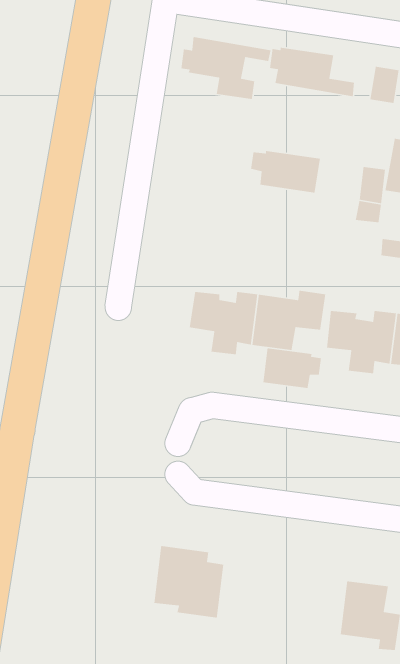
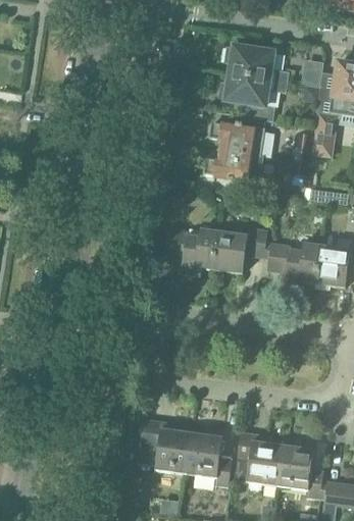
building: [181,36,272,100] -> [220,71,289,119]
building: none -> [205,148,263,181]
building: [262,348,322,389] -> none
building: none -> [235,430,284,491]
building: none -> [187,432,233,485]

